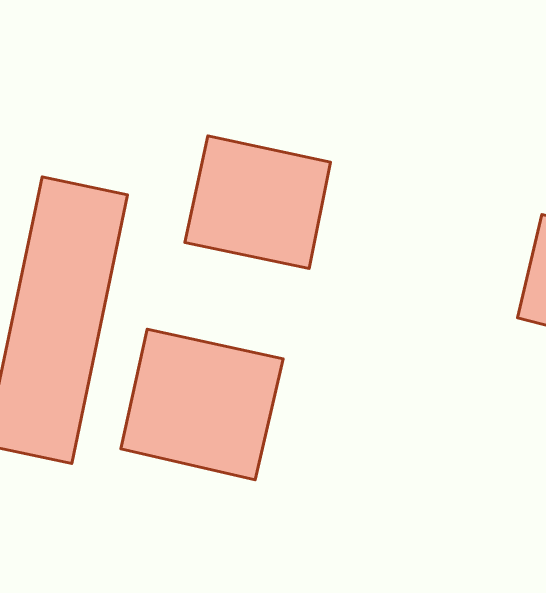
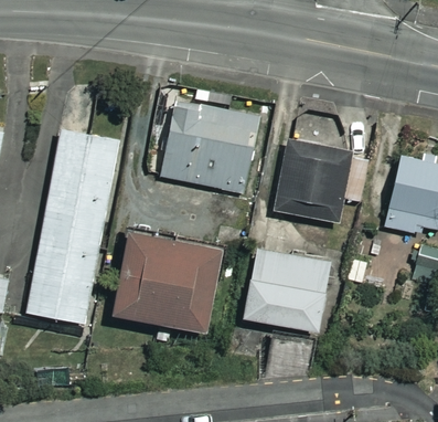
building: none -> [271,139,351,223]
building: none -> [244,247,332,331]

